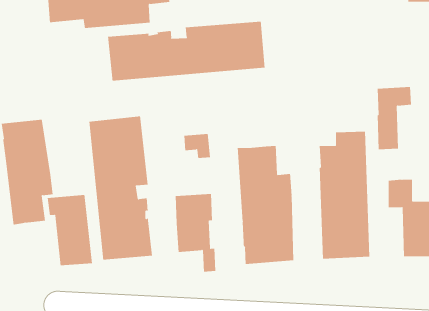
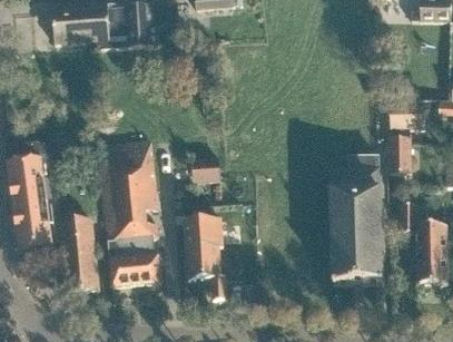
building: [108,21,265,81] -> none
building: [237,145,294,265] -> none

